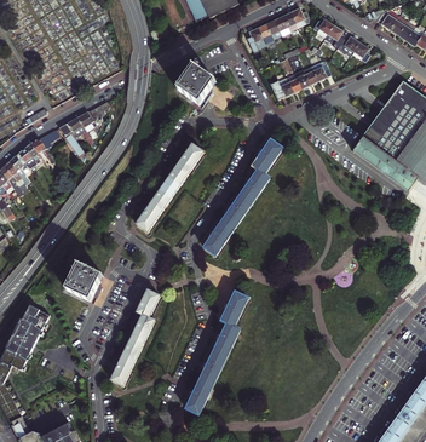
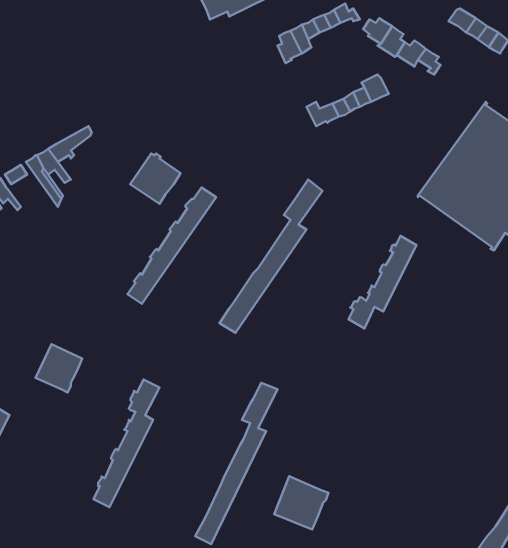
building: [177,67,214,104] -> [130,154,180,204]
building: none -> [349,236,417,328]
building: none -> [274,476,329,529]

